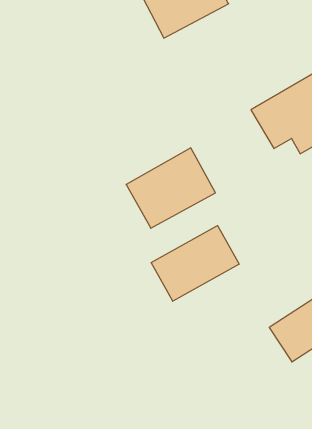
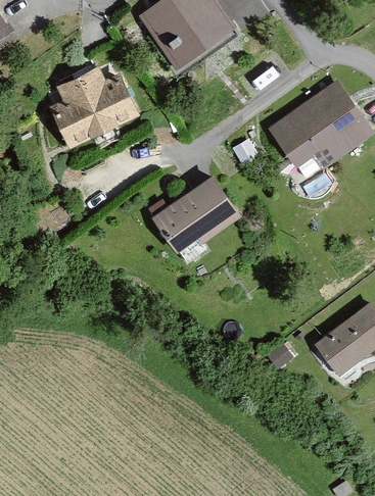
building: none -> [38,60,138,152]
building: [151,226,239,301] -> none

